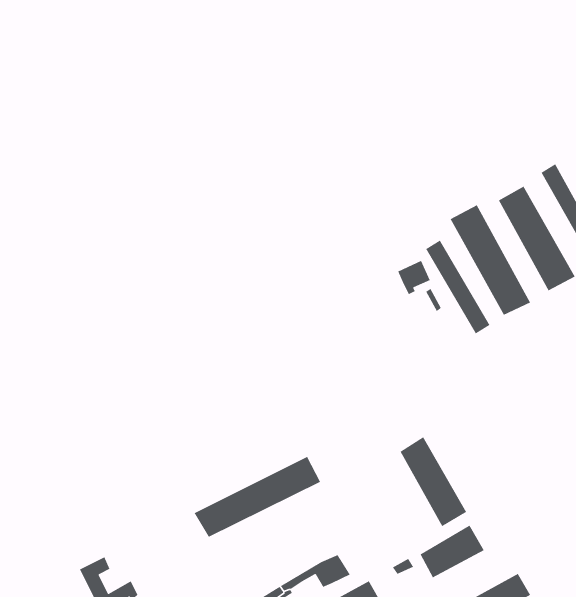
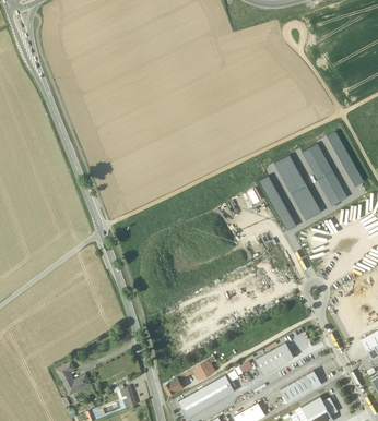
building: [400,436,467,527] -> none
building: [194,456,321,538] -> none

